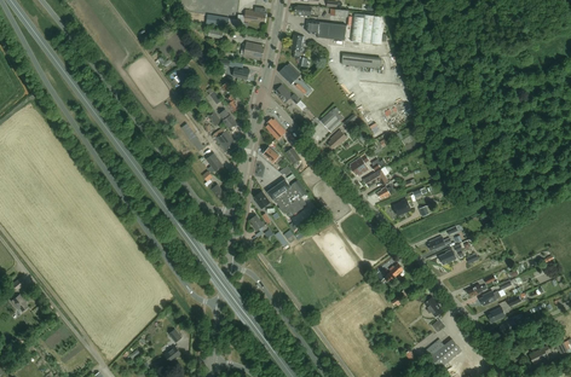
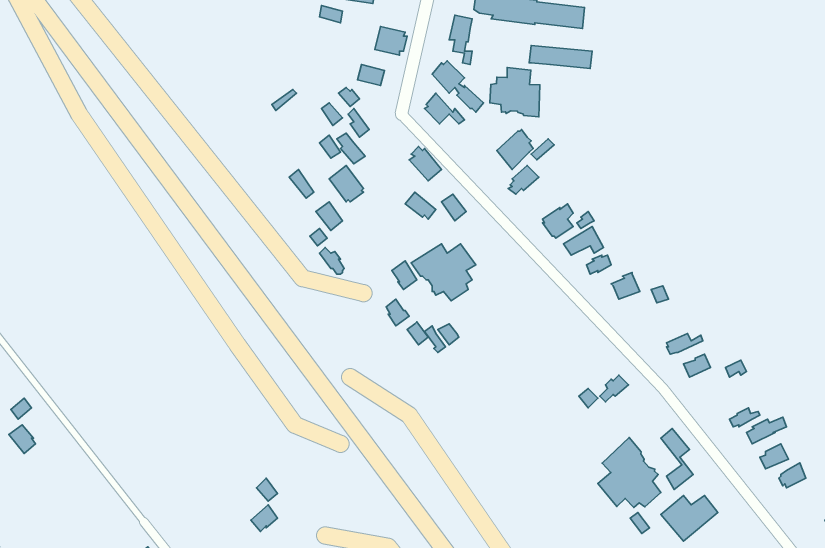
building: none -> [490,68,540,117]
building: none -> [598,437,661,508]

